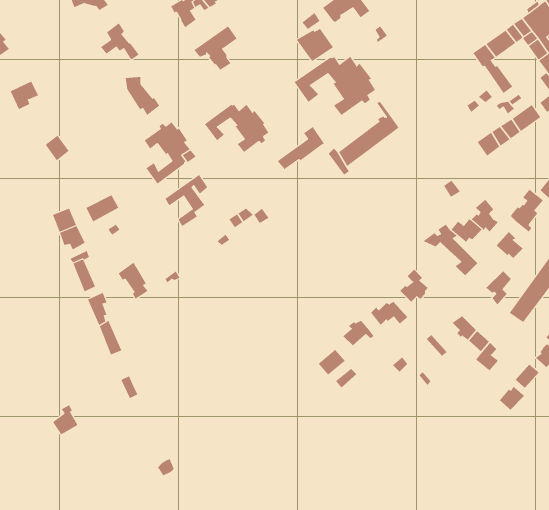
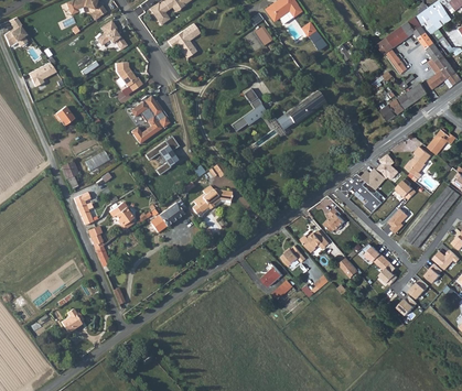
building: [294,56,376,116] -> none
building: [204,104,269,153] -> none
building: none -> [192,186,232,217]
building: none -> [150,203,184,231]

